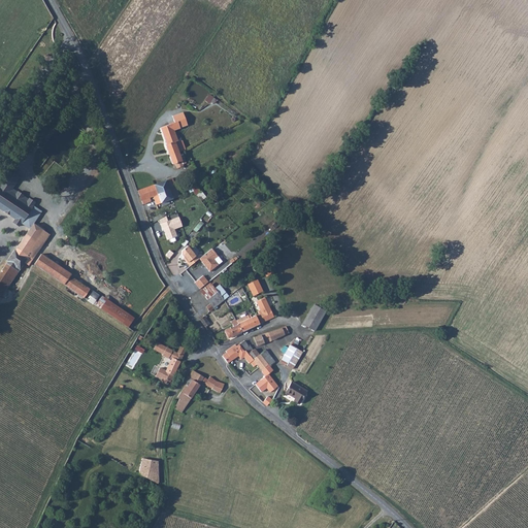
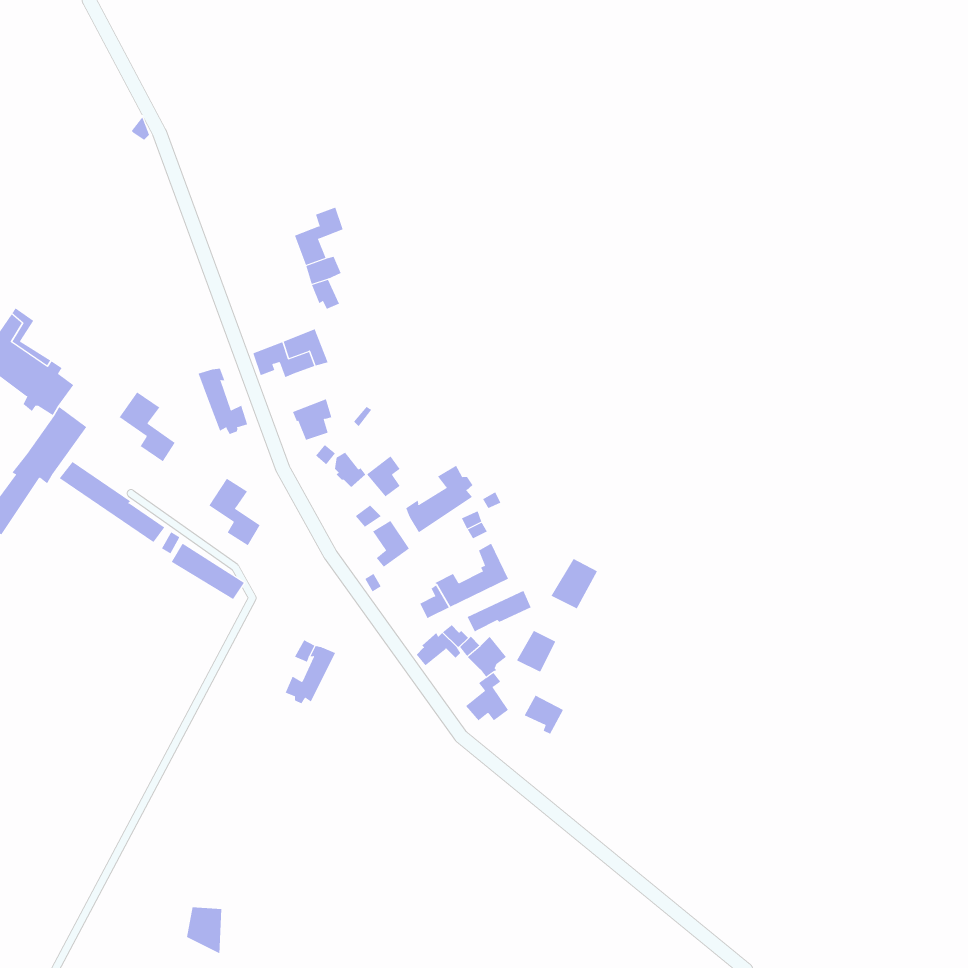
building: none -> [198,368,248,435]
building: none -> [119,391,175,462]
building: none -> [406,465,473,533]
building: none -> [208,478,260,546]
building: [182,368,227,401] -> none
building: [138,460,158,486] -> [186,907,222,954]

